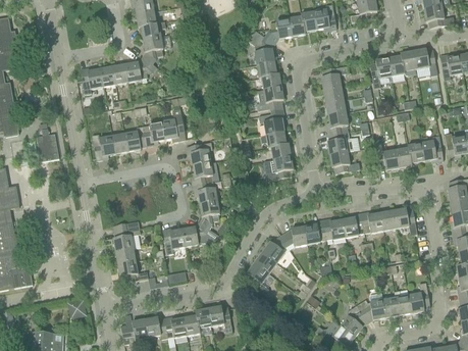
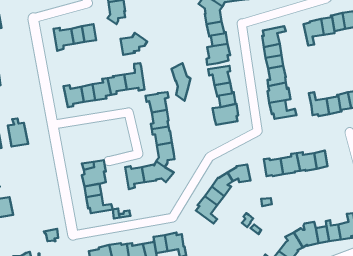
building: [125,56,156,82] -> [121,33,147,55]
building: none -> [171,63,190,101]
building: [36,128,59,160] -> [8,118,28,147]
building: [393,207,417,235] -> none
building: [303,219,325,244] -> none

